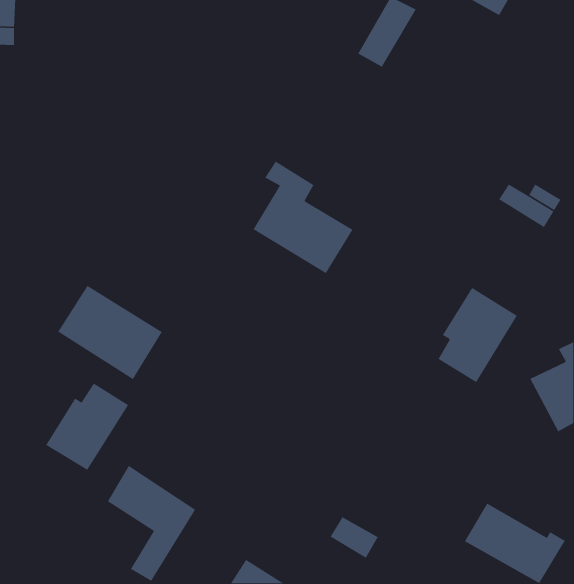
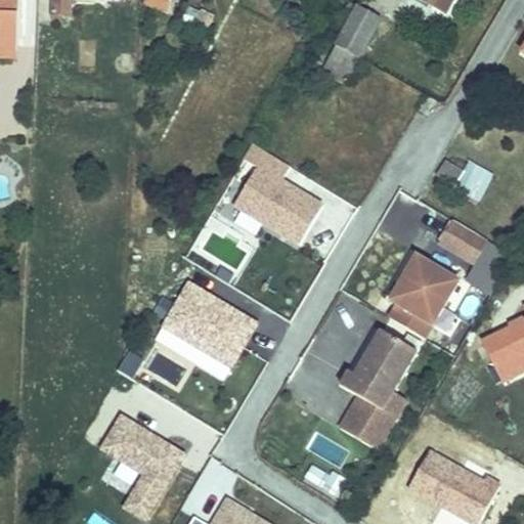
building: none -> [444,217,493,259]
building: [57,285,163,380] -> [155,282,249,367]
building: none -> [344,330,420,446]
building: [45,383,129,471] -> none

